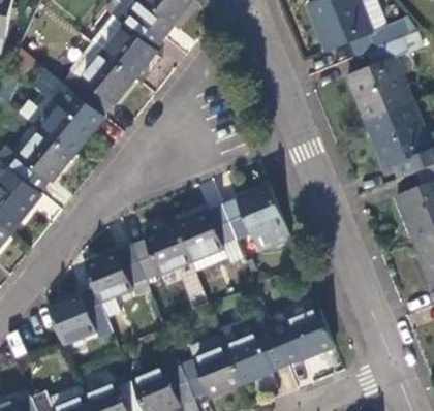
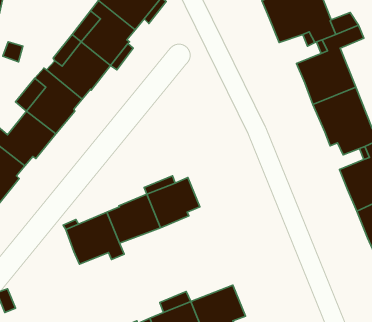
building: [223,186,290,251] -> none
building: [49,288,112,345] -> none
building: [270,308,335,361] -> none

